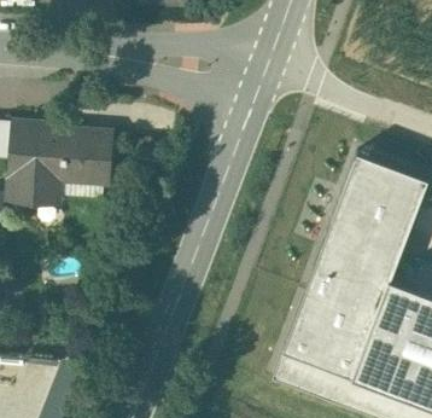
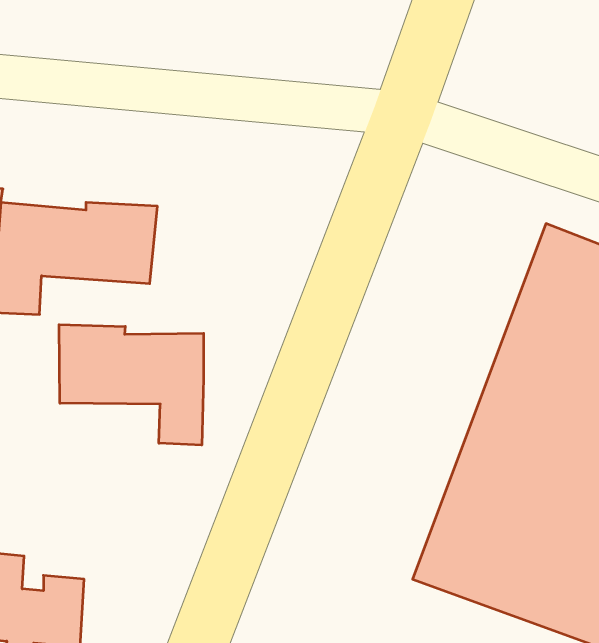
building: none -> [59,325,204,445]

